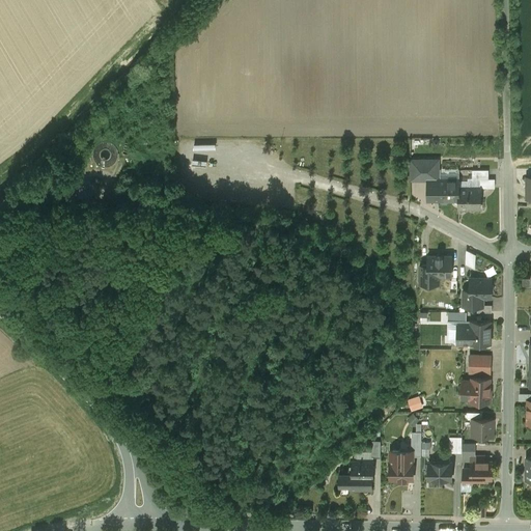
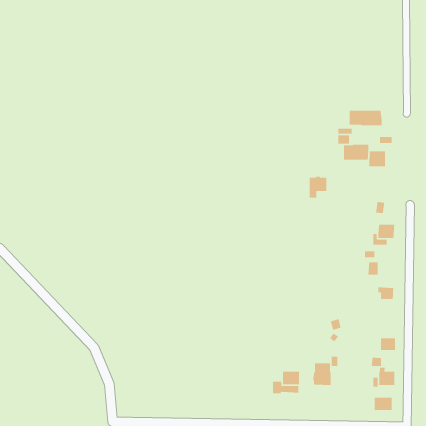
building: none -> [349,110,382,126]
building: [427,256,450,284] -> [309,176,327,198]
building: [470,322,490,344] -> none
building: [462,380,490,402] -> none
building: [427,463,450,480] -> [374,397,392,411]

